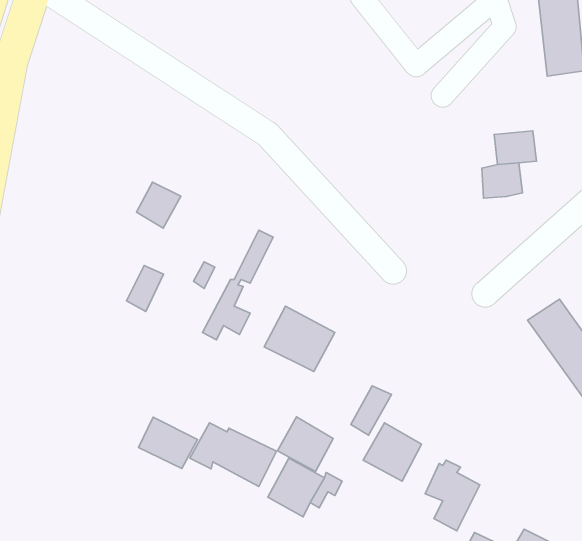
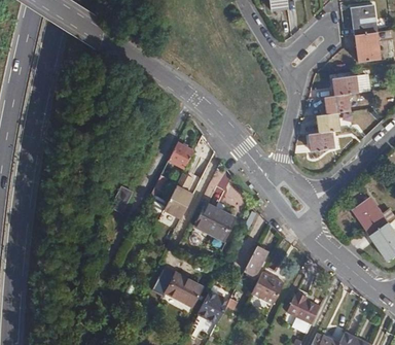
building: none -> [336,76,373,98]
building: [137,182,181,228] -> [168,140,193,167]
building: none -> [313,135,336,153]
building: [277,417,333,472] -> none
building: [139,417,198,468] -> none

